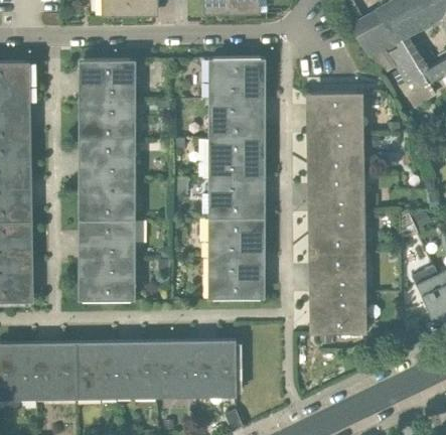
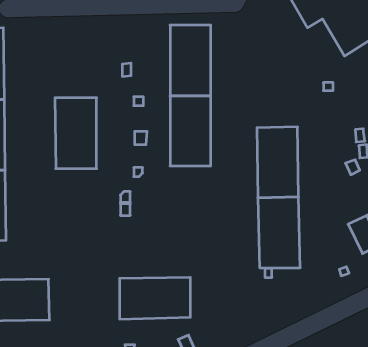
building: [84,59,131,140] -> none
building: [312,93,359,174] -> none
building: [214,218,261,299] -> none
building: [85,221,131,301] -> none
building: [77,345,157,393] -> none

